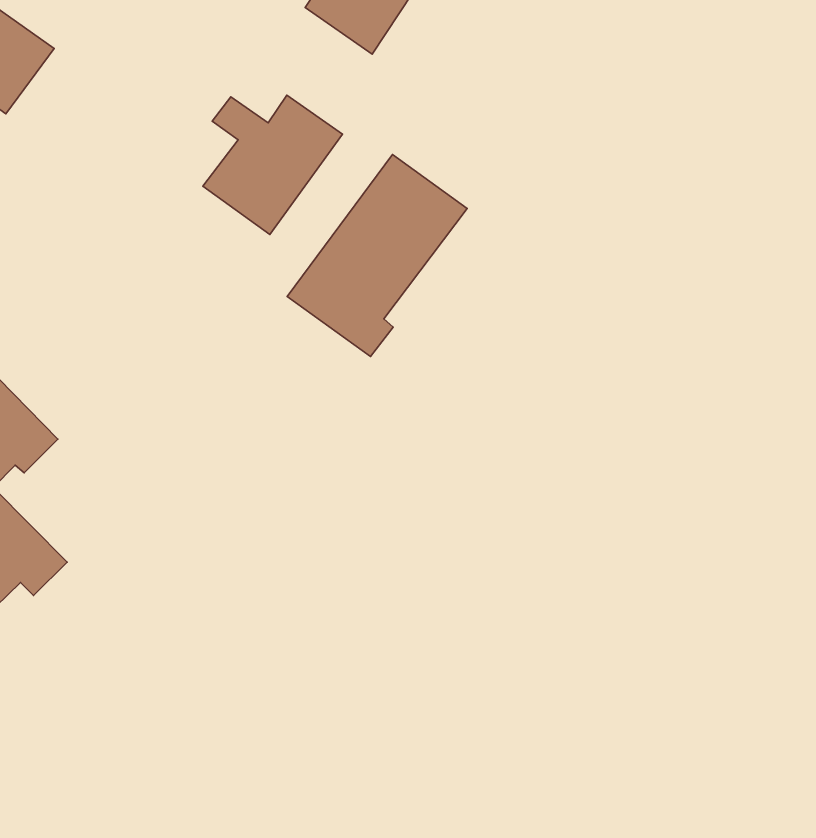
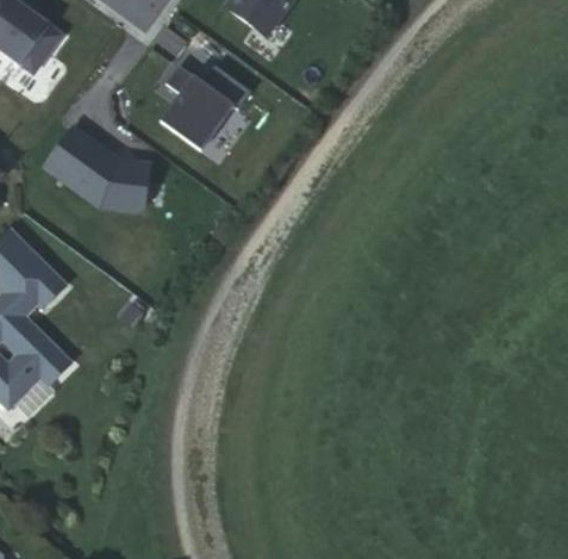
building: [287,155,467,356] -> none
building: none -> [42,125,152,216]

